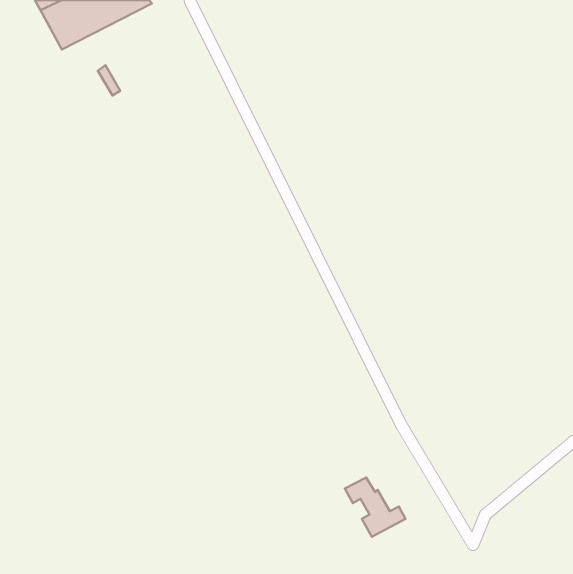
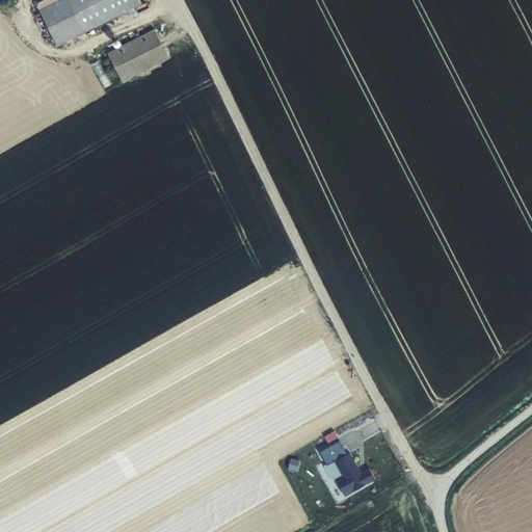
building: none -> [107,29,168,82]

